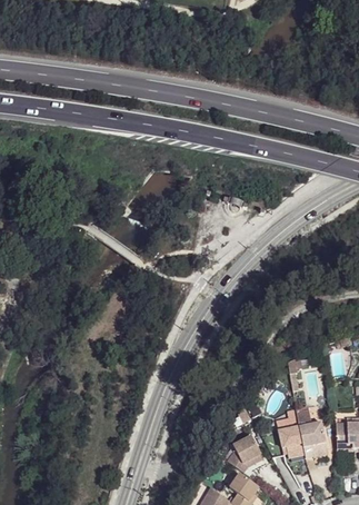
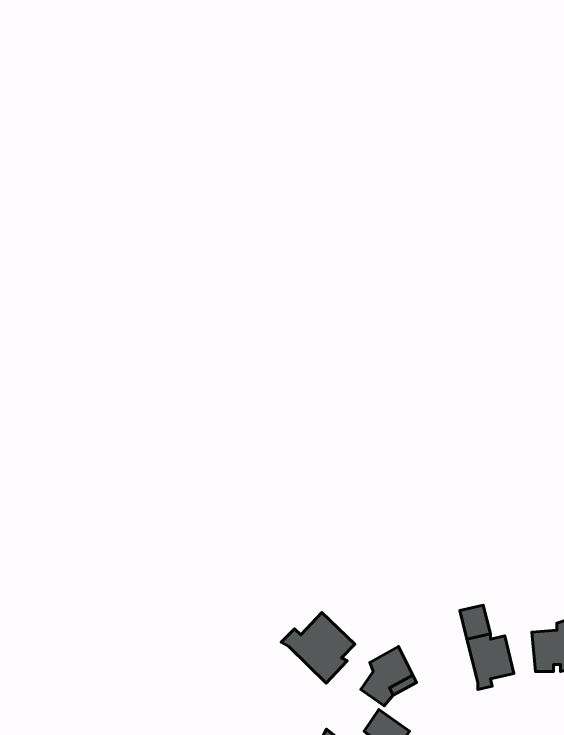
building: none -> [281,613,355,683]
building: [276,419,302,450] -> none

